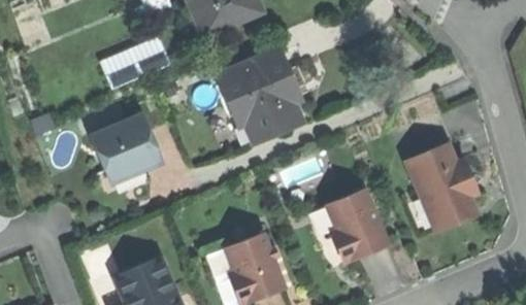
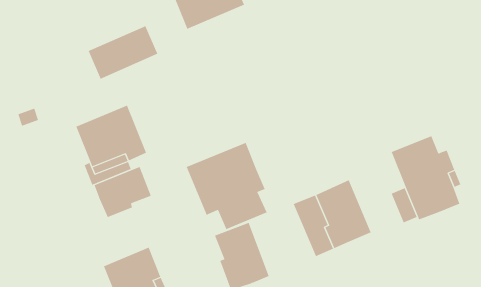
building: [217,50,299,139] -> [186,142,268,230]
building: none -> [94,166,152,218]

